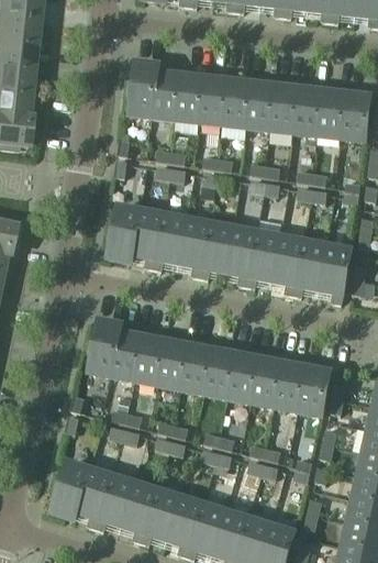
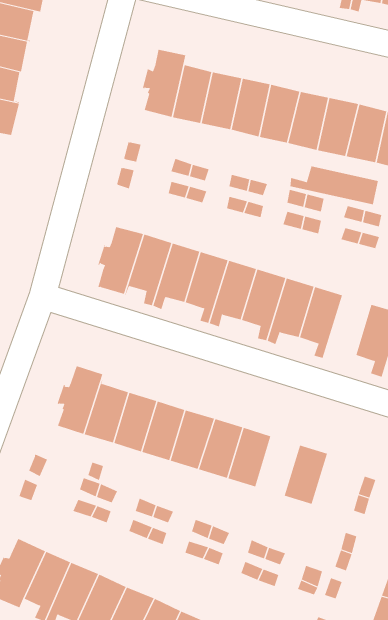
building: none -> [290,165,378,205]
building: [293,243,326,297] -> none
building: [252,361,282,407] -> none
building: [298,369,331,416] -> none

